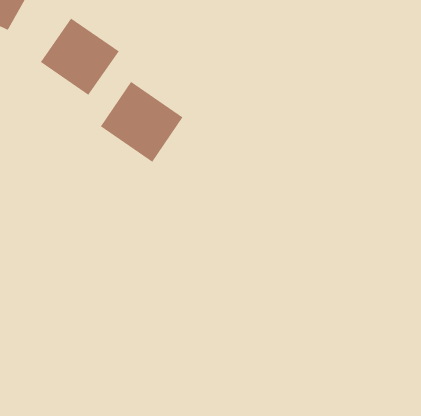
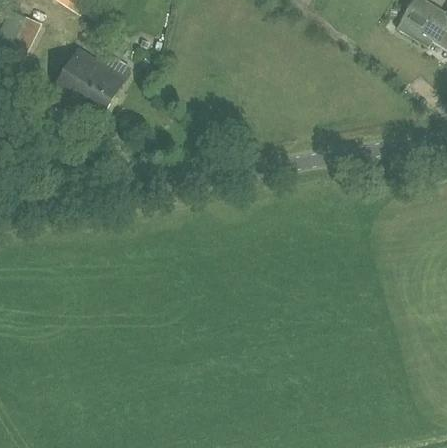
building: [100,81,184,163] -> none

